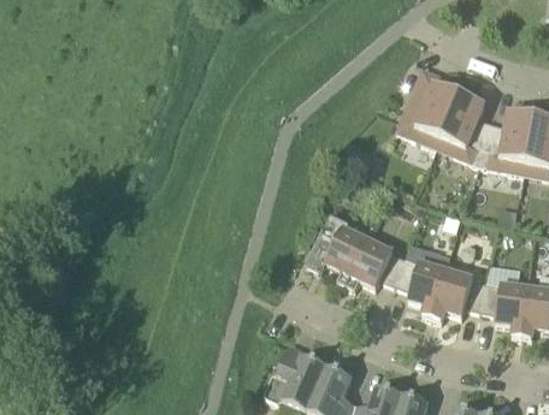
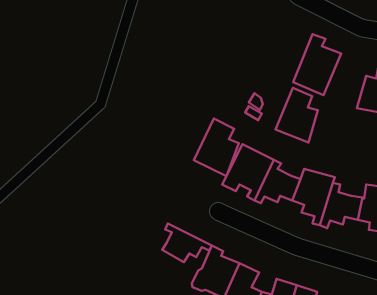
building: [437,94,492,165] -> [275,88,318,142]
building: none -> [194,119,239,176]
building: none -> [162,224,212,262]

